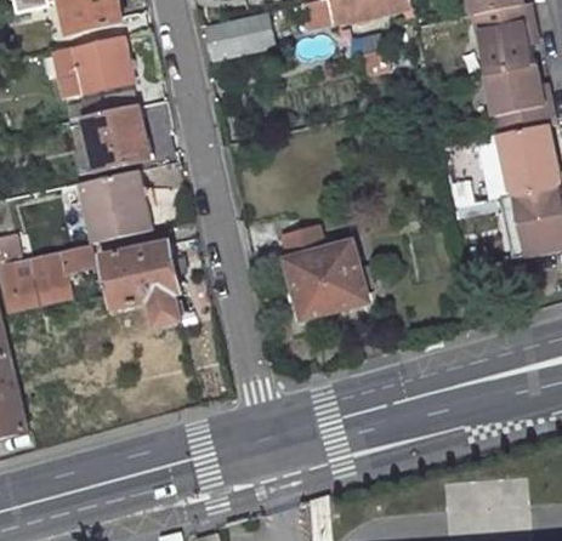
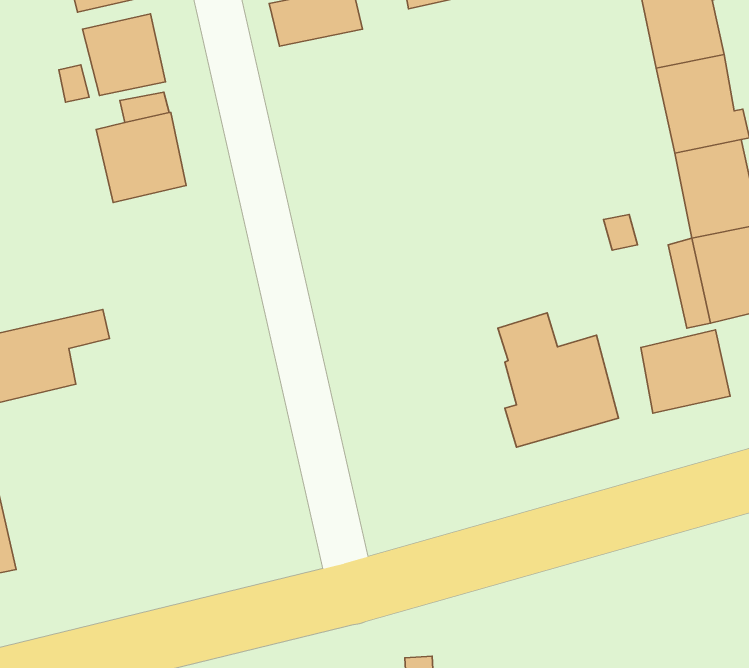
building: [78,169,153,244] -> none
building: [280,224,367,320] -> [498,313,618,447]
building: [101,241,180,325] -> none
building: none -> [641,330,730,413]

